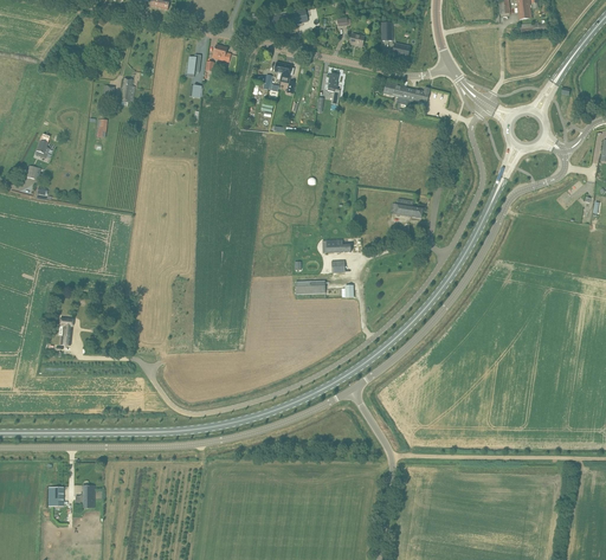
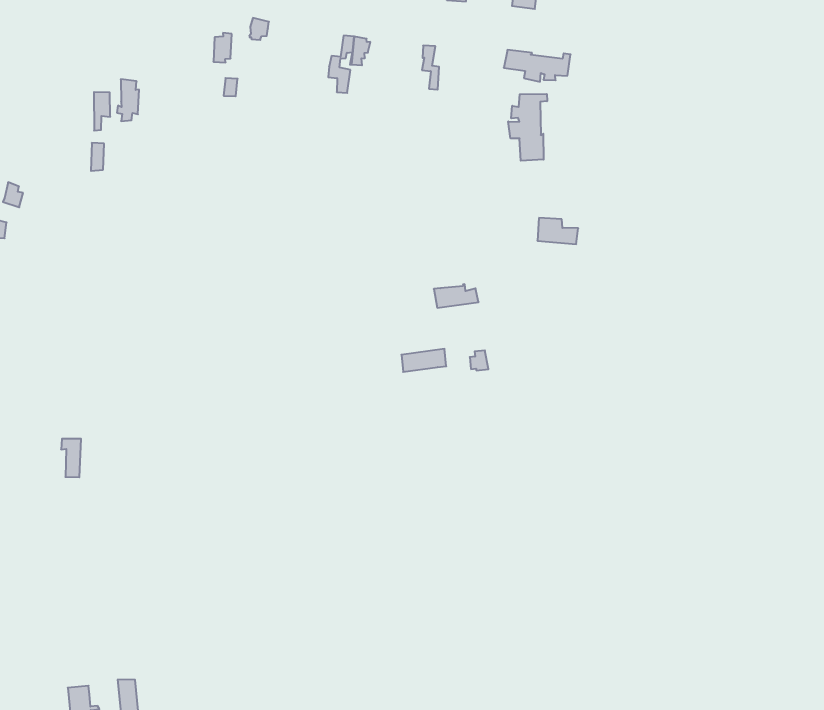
building: none -> [508,94,547,161]

